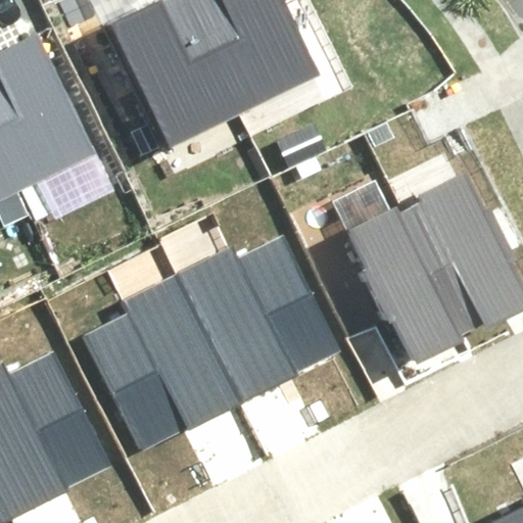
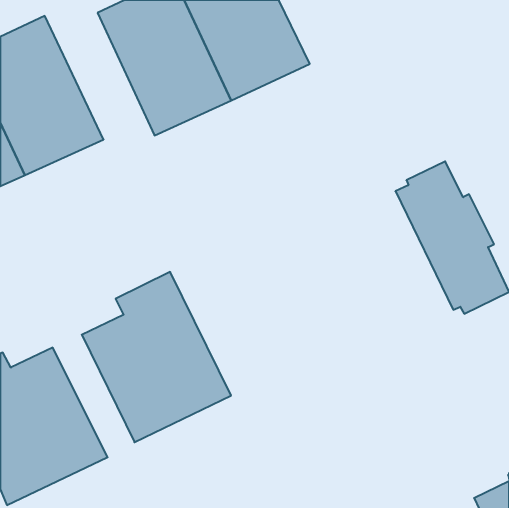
building: [350,197,465,352] -> none
building: [175,245,339,407] -> none

